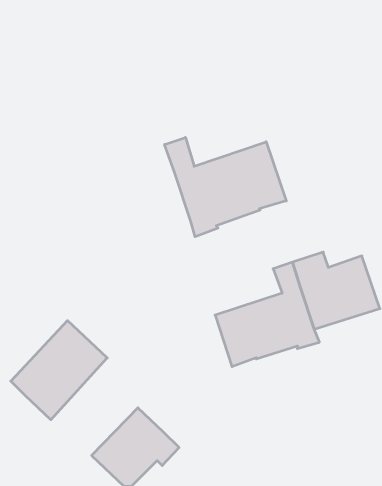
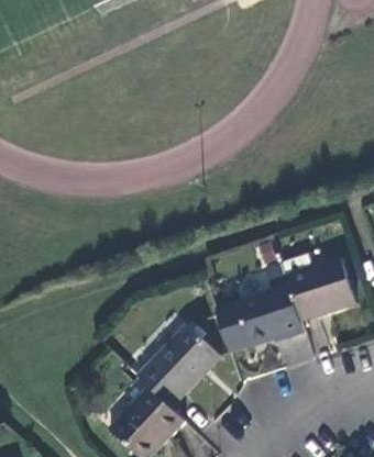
building: [165,137,286,237] -> none
building: [11,321,107,420] -> [138,324,220,409]

